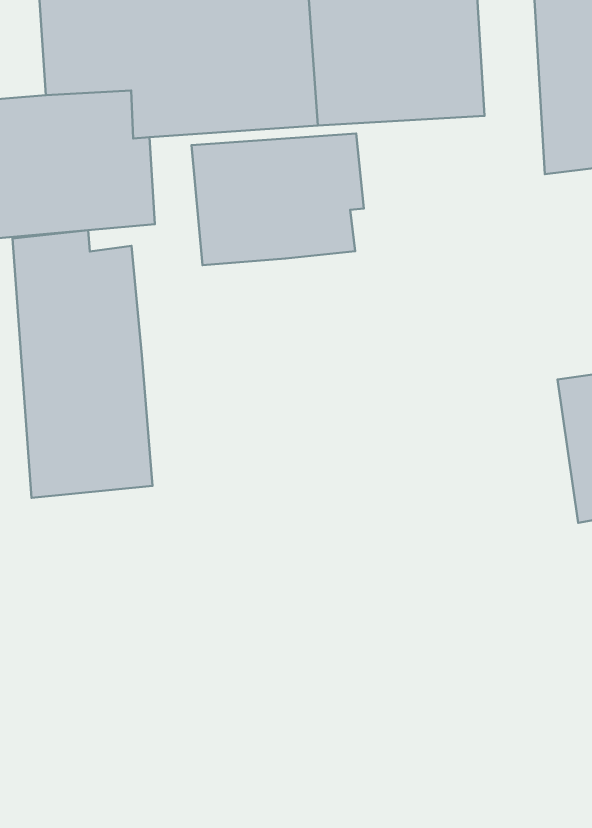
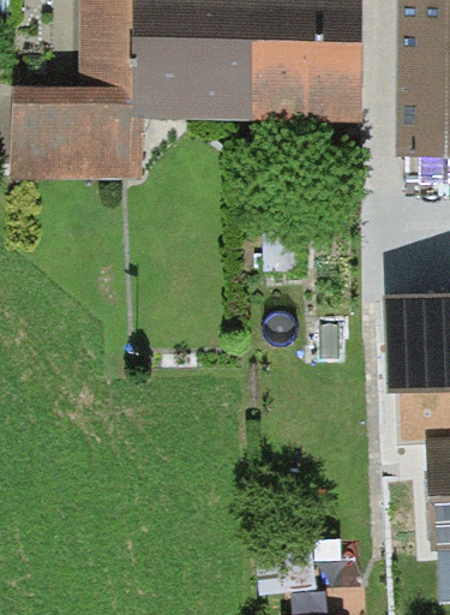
building: [191,134,364,265] -> none
building: [12,230,152,498] -> none

